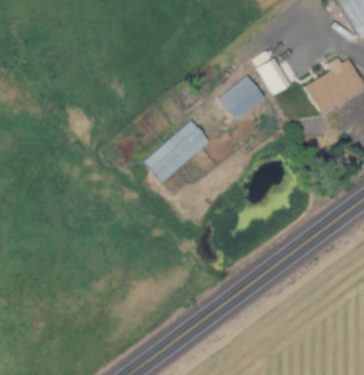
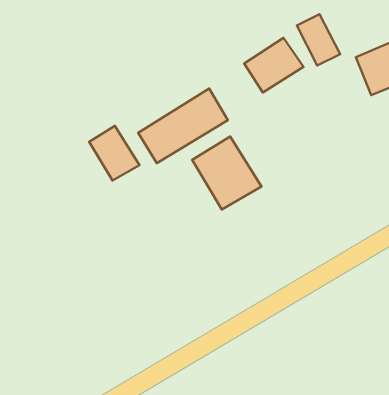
building: none -> [192,136,262,209]
building: none -> [89,126,139,180]

